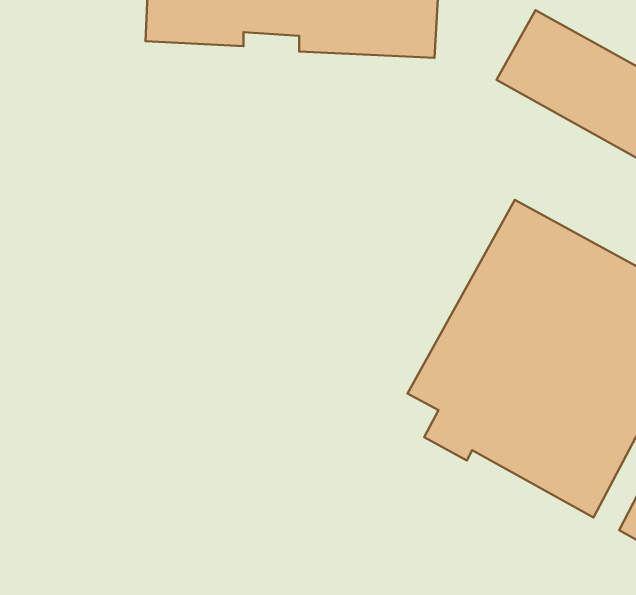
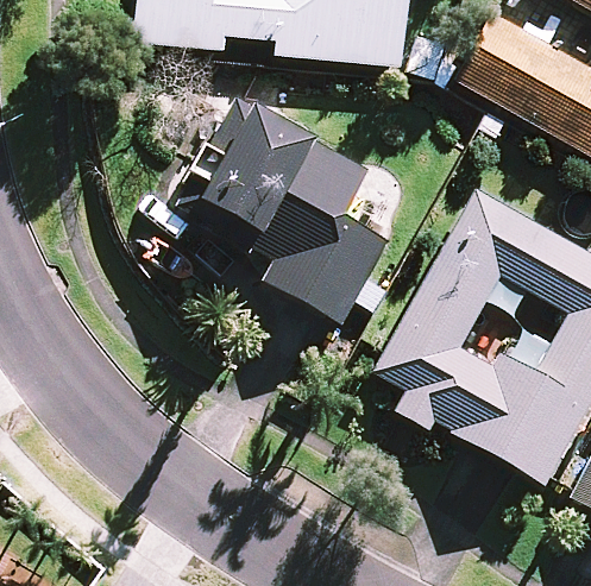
building: none -> [171,93,391,320]

